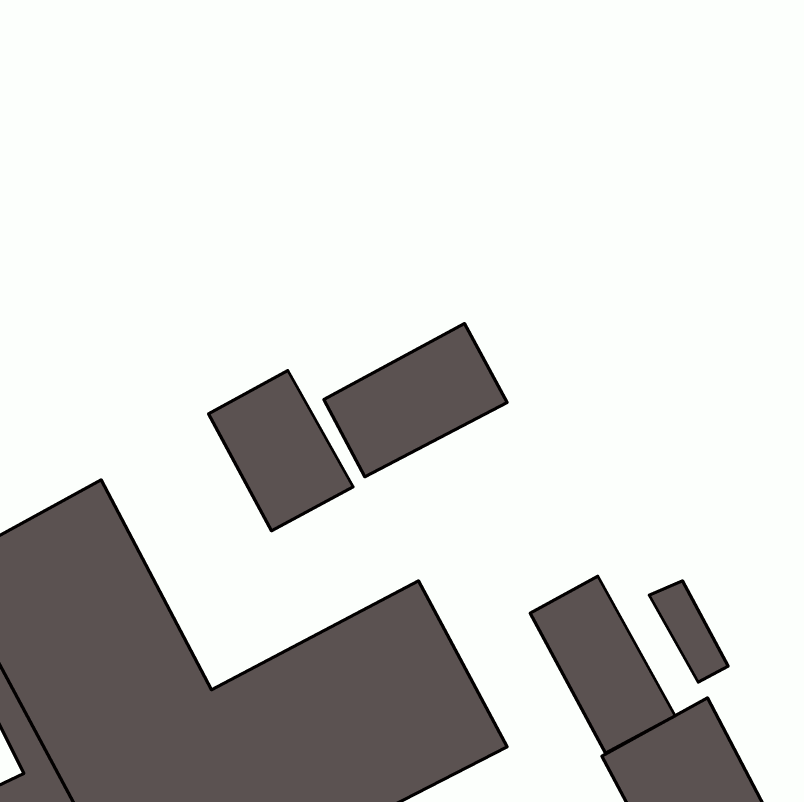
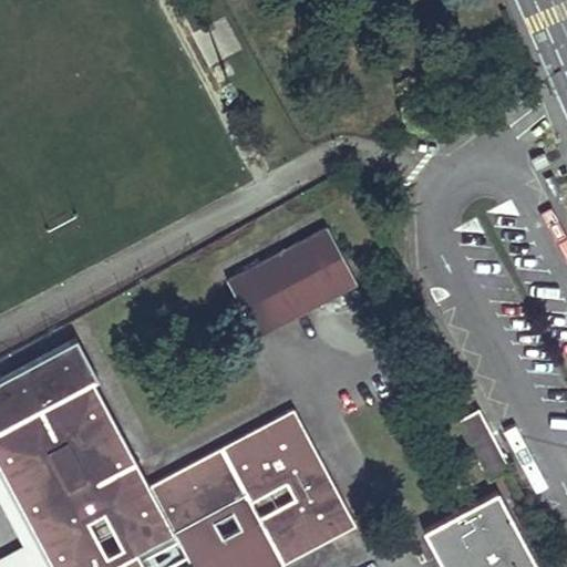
building: [208,370,353,531] -> none
building: [530,576,675,753] -> none

